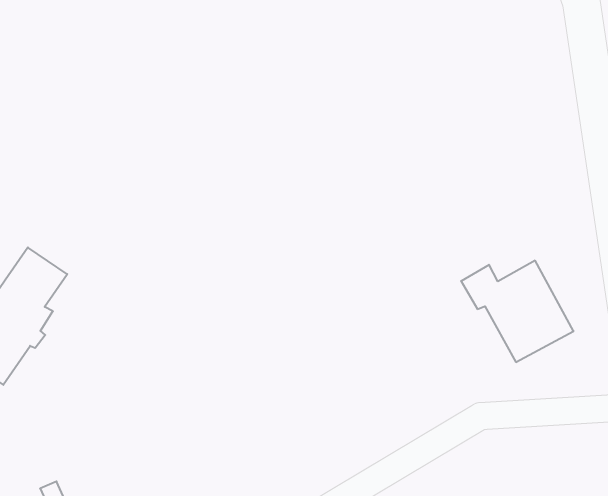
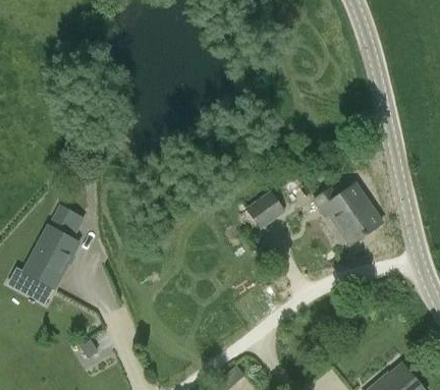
building: none -> [244,191,283,228]

